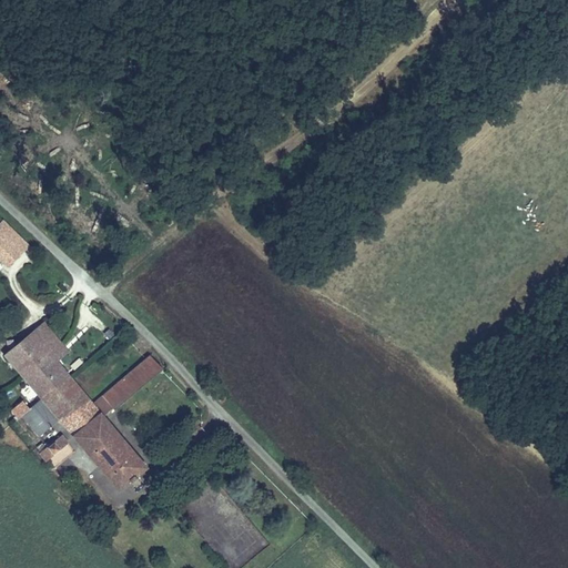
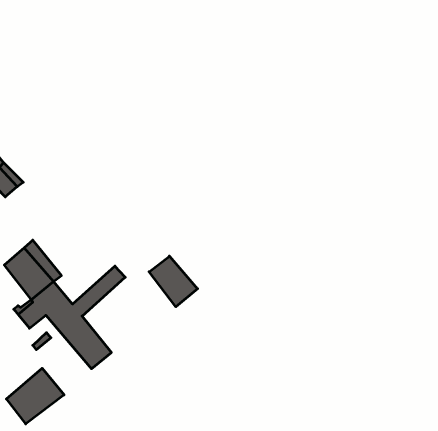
building: none -> [149,256,198,307]
building: none -> [6,368,64,424]

